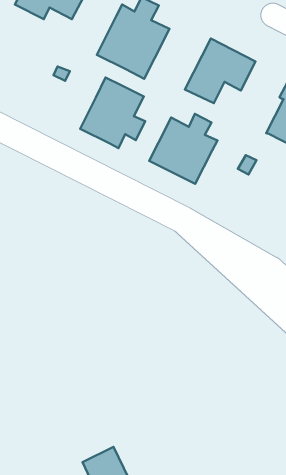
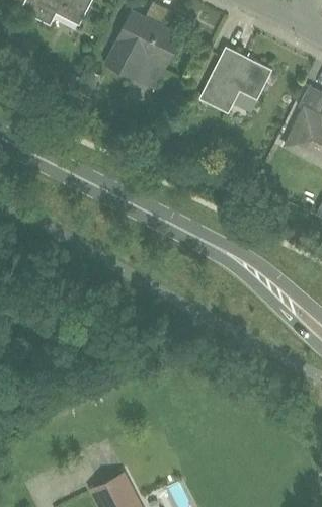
building: [80,77,145,148] -> none
building: [149,114,217,184] -> none

